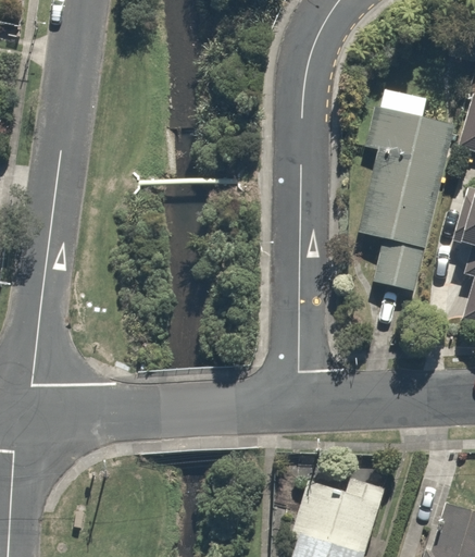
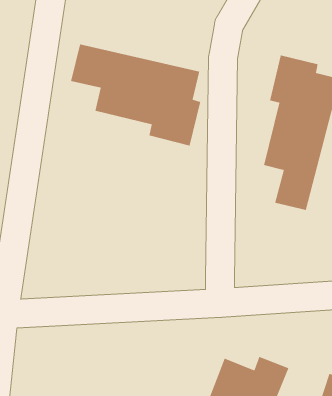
building: none -> [70,44,201,146]

